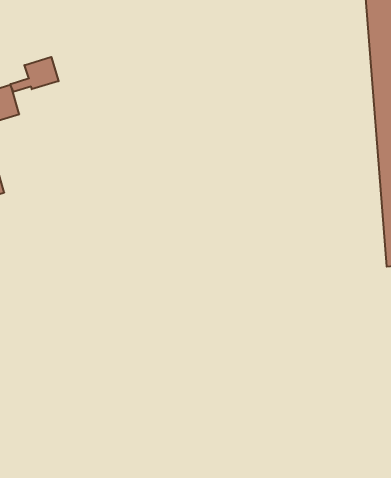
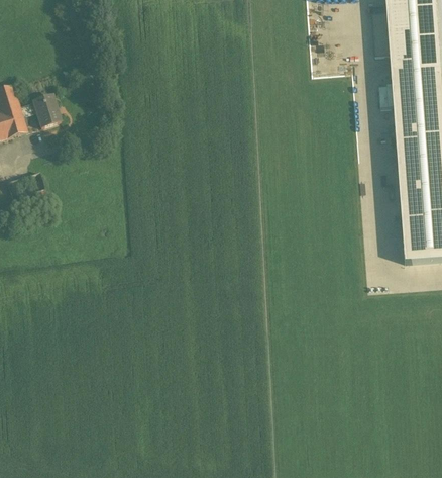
building: [10,57,59,92] -> none

